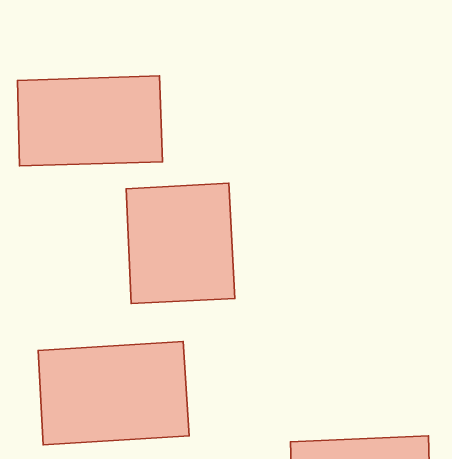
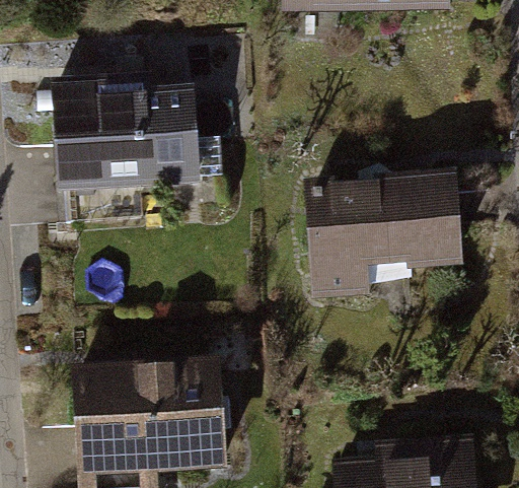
building: none -> [310,190,461,275]
building: [126,183,235,303] -> none

